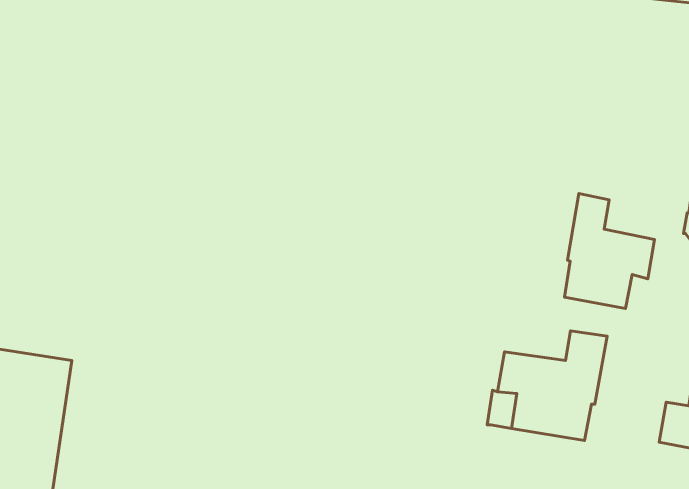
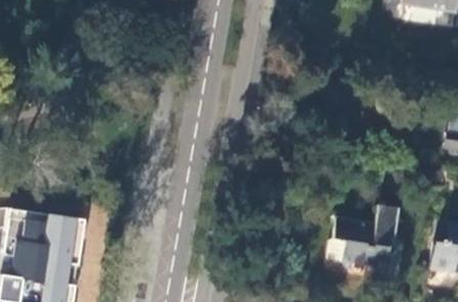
building: [564,194,655,308] -> none

